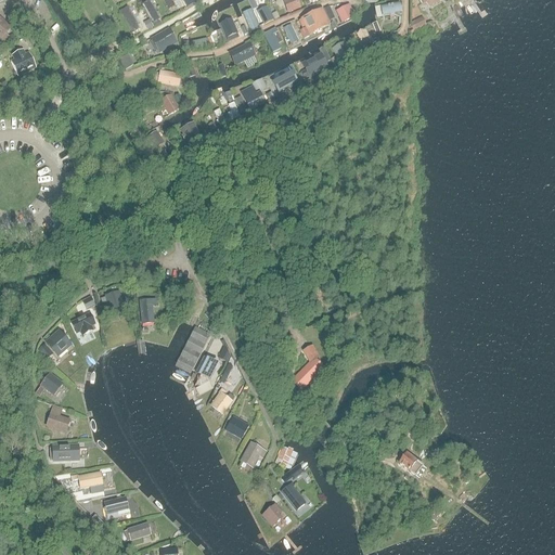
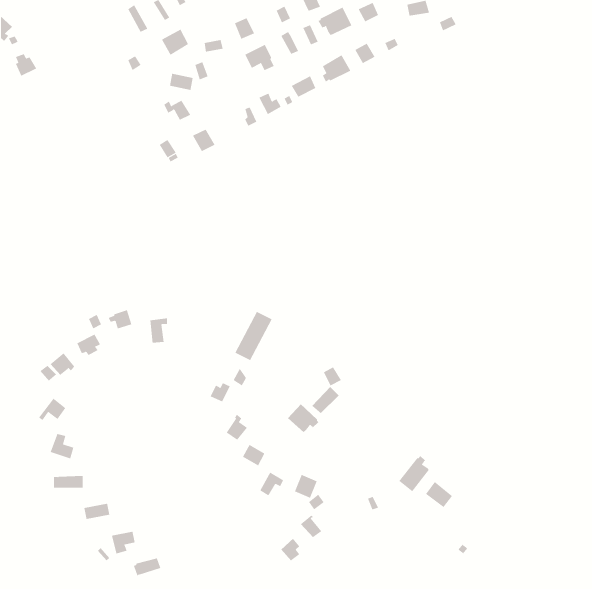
building: [175,324,210,371] -> [234,311,273,361]
building: none -> [287,404,319,433]
building: none -> [398,455,430,492]

